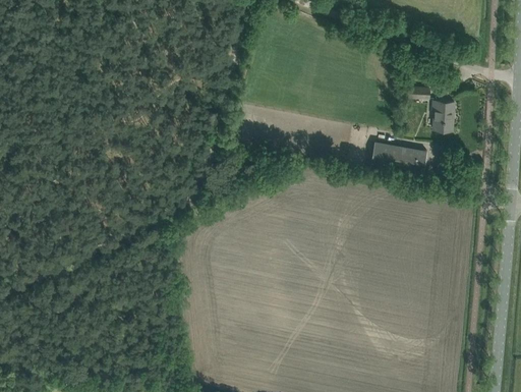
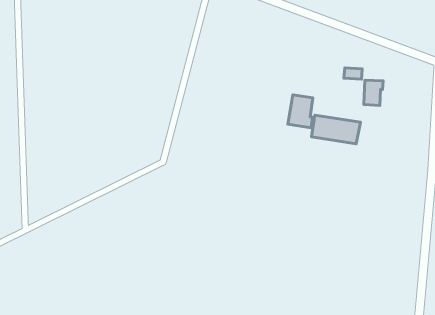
building: none -> [288,95,313,128]

